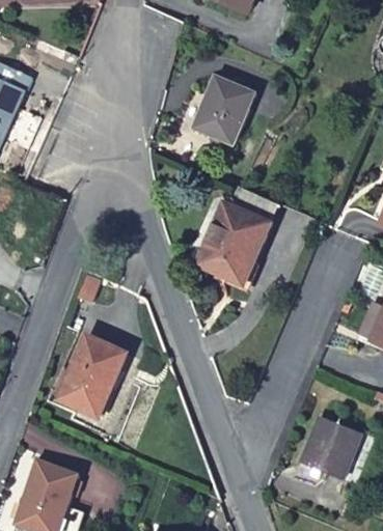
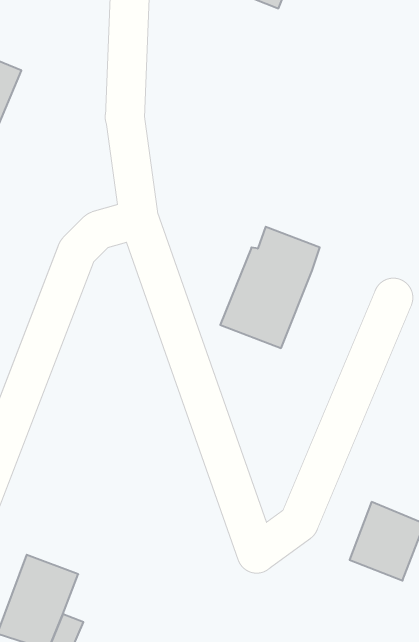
building: [190,81,251,147] -> none
building: [60,334,128,412] -> none

